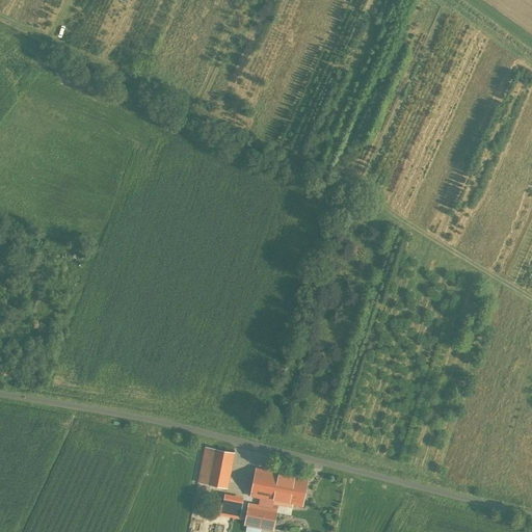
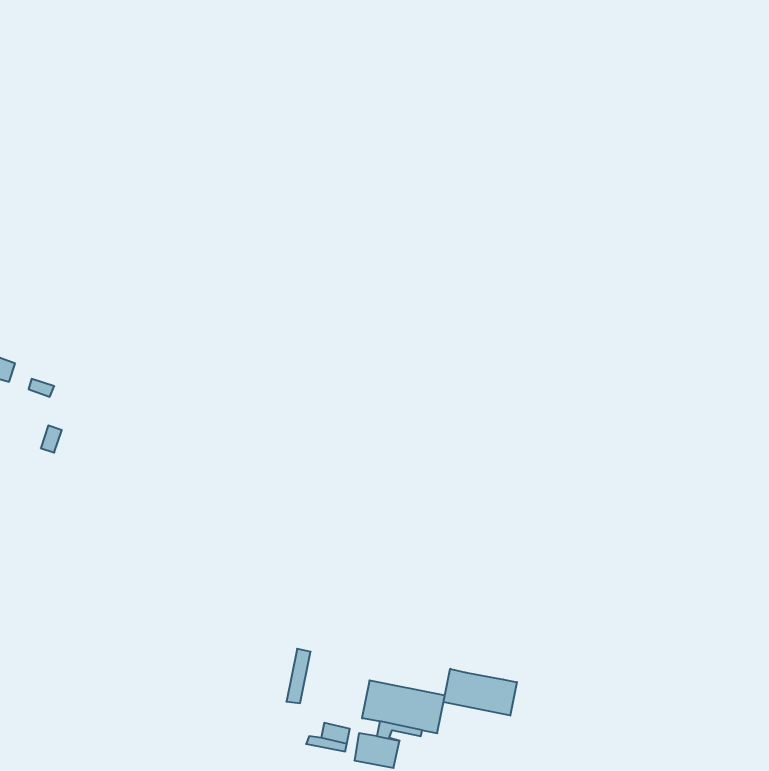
building: [207,449,232,488] -> none
building: none -> [443,669,517,716]

